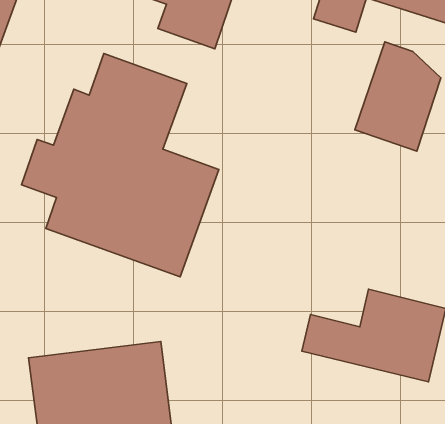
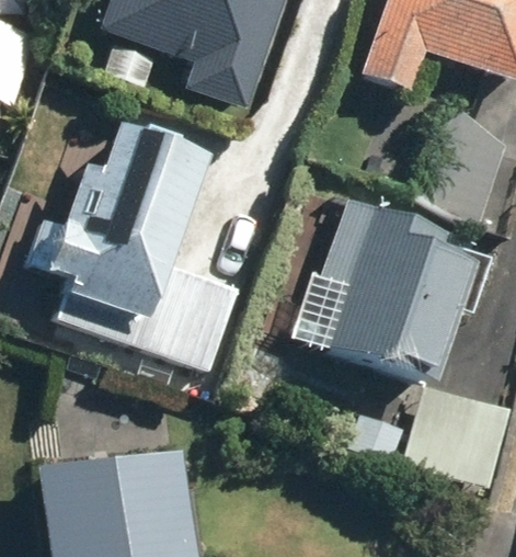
building: none -> [317,196,484,375]

